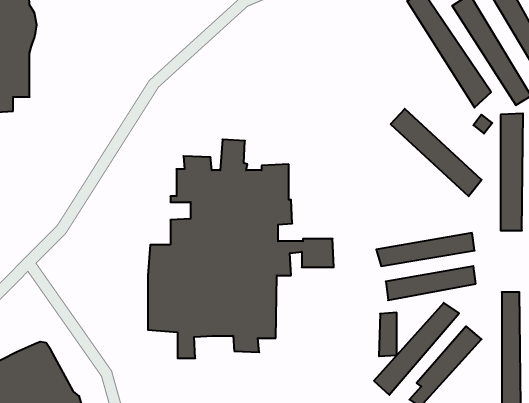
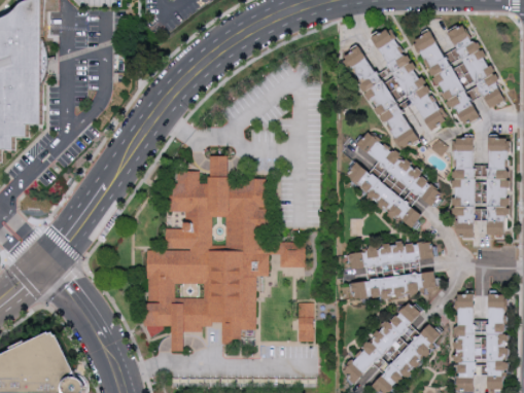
building: none -> [341,50,416,148]
building: none -> [347,162,418,228]
building: [379,313,397,356] -> [300,301,315,340]

